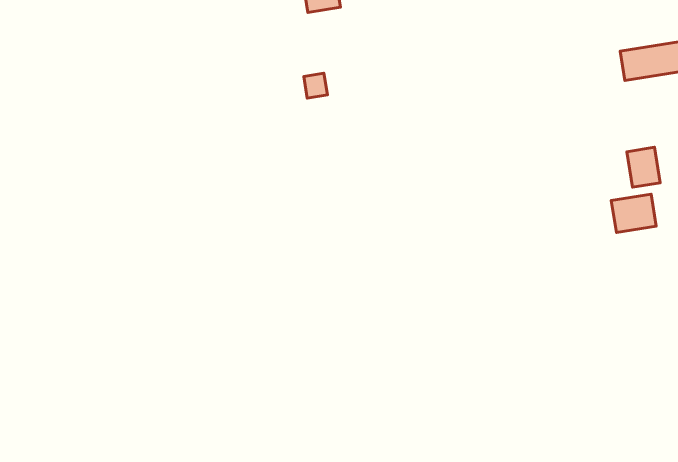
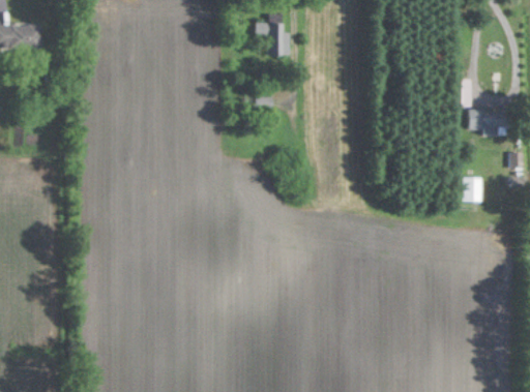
building: [611,194,656,232] -> none

